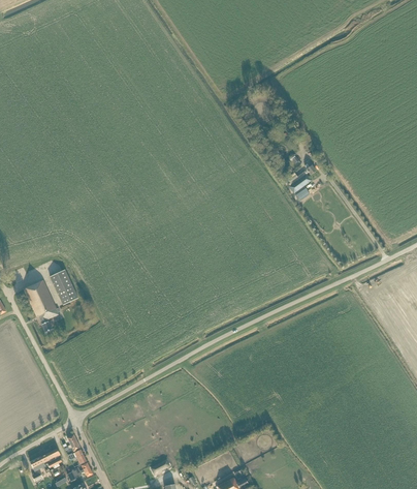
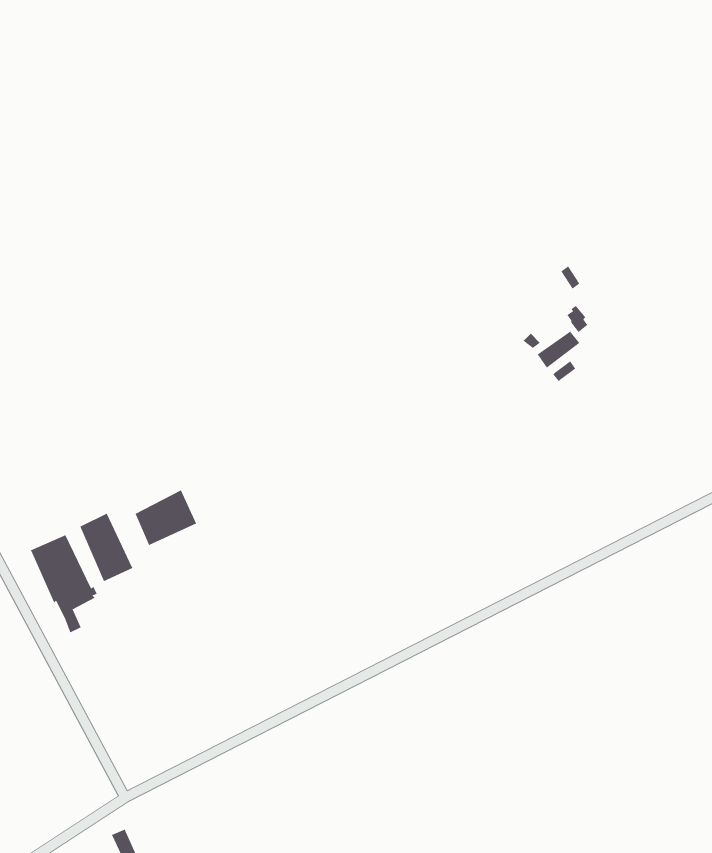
building: none -> [135,490,197,546]

